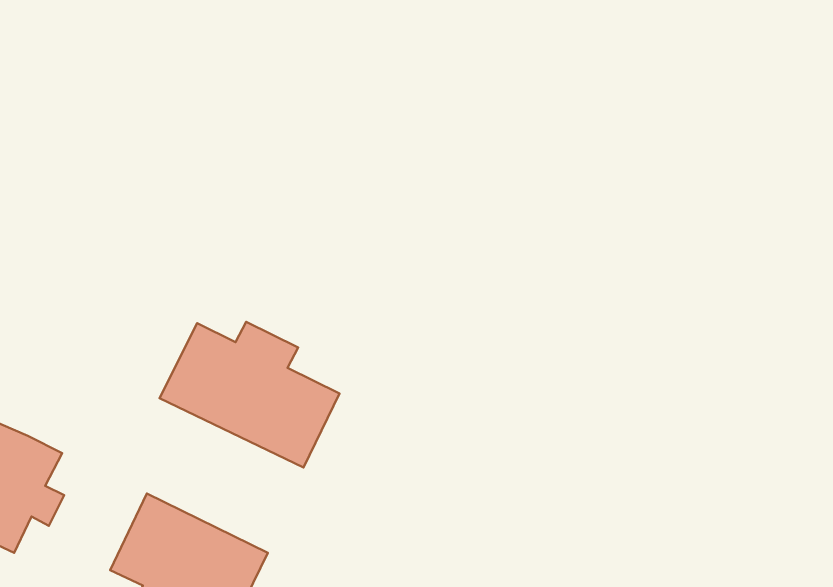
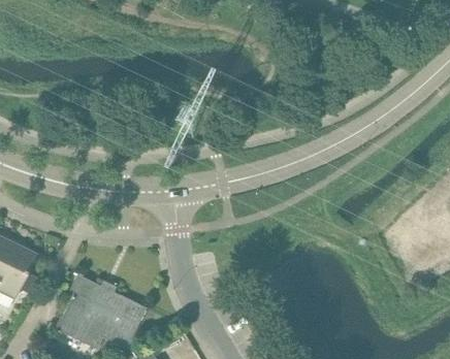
building: [160,322,339,468] -> none

